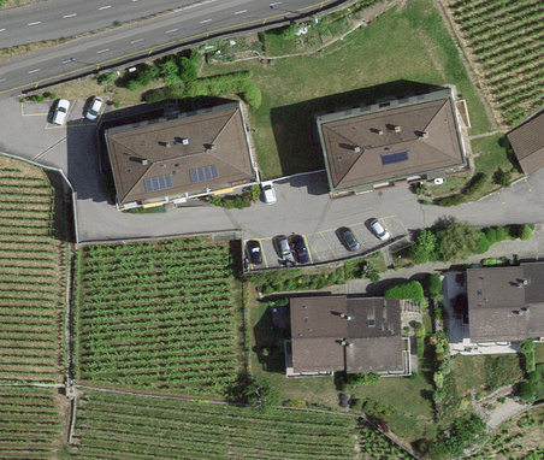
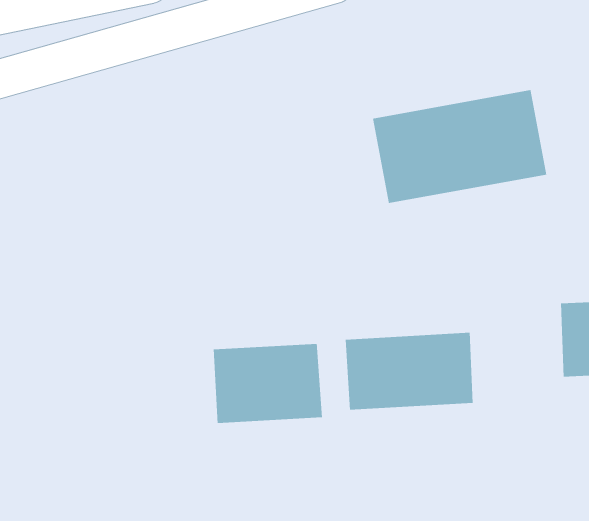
building: [105,108,250,204] -> none
building: none -> [213,343,322,424]

